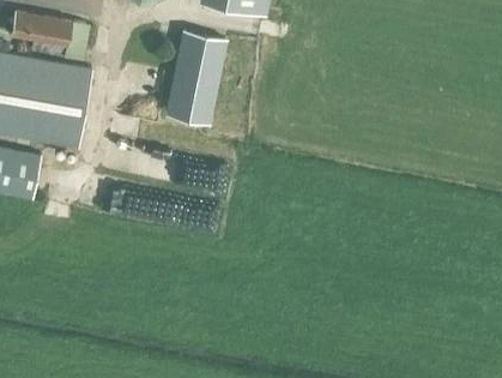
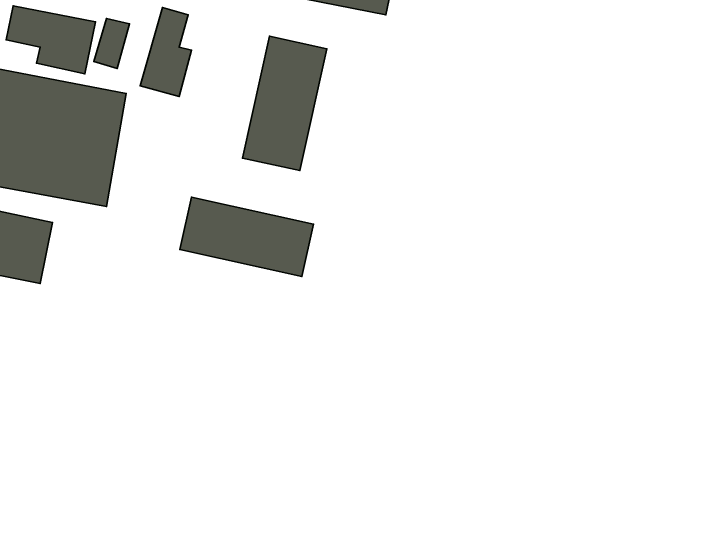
building: none -> [140,8,192,97]
building: none -> [180,197,313,277]

